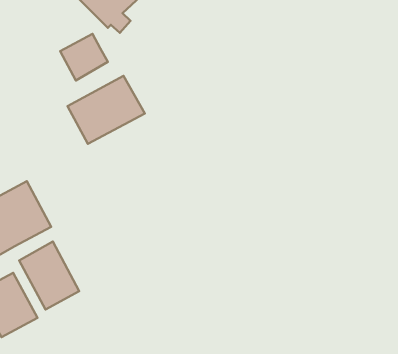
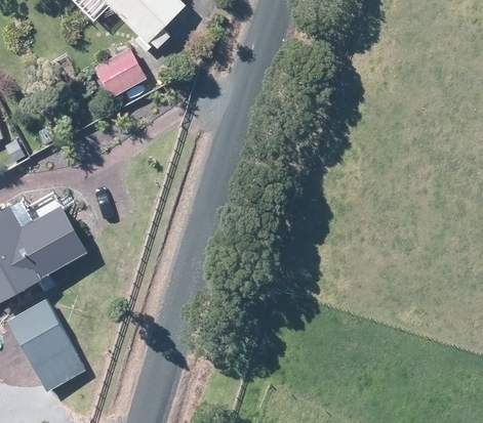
building: [67,76,145,144] -> none
building: [19,241,79,309] -> none

